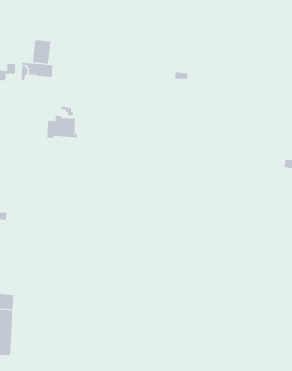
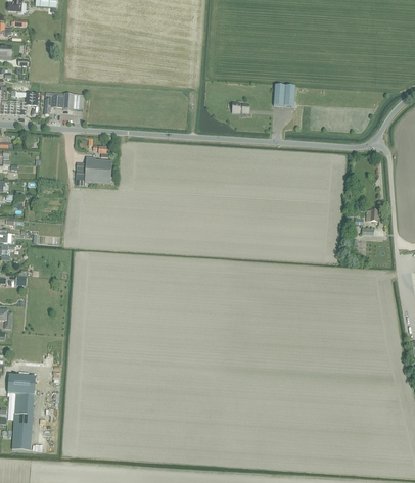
building: [33,40,51,65] -> none
building: none -> [274,84,295,106]

